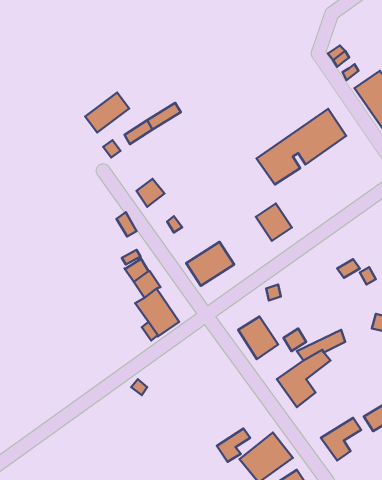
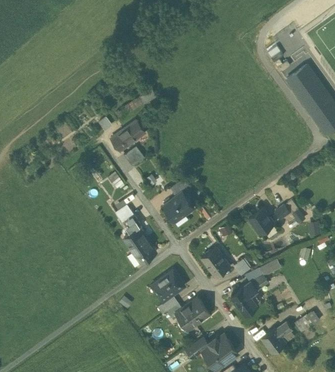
building: [85,92,129,132] -> [111,120,144,150]
building: [257,109,346,185] -> none
building: [256,203,292,241] -> [247,209,274,237]
building: none -> [149,270,186,305]
building: none -> [172,298,212,335]

